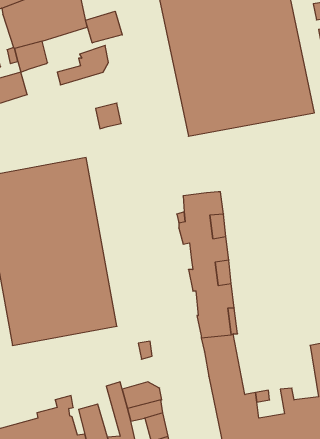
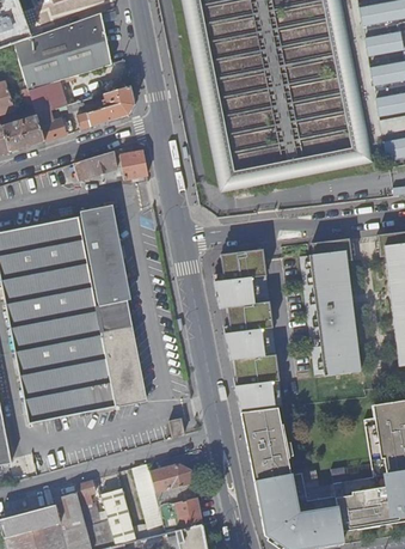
building: [86,11,122,43] -> none
building: none -> [37,111,74,140]
building: none -> [75,150,118,179]
building: none -> [297,238,358,377]

